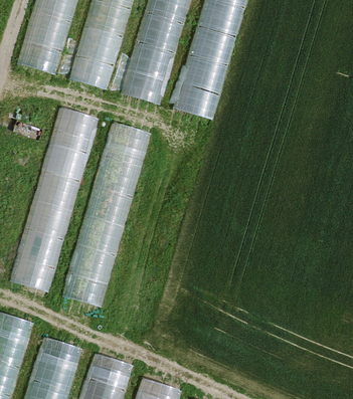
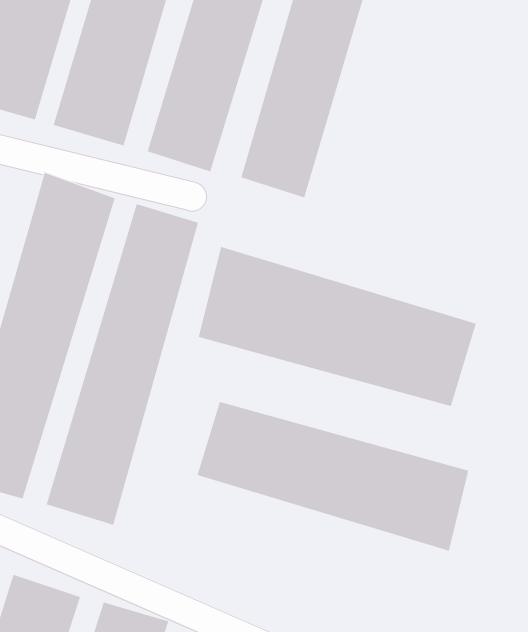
building: none -> [198,246,476,407]
building: none -> [197,401,469,551]

